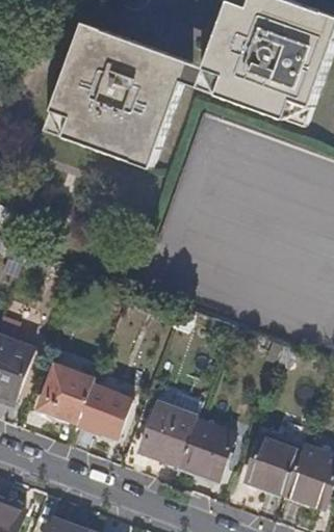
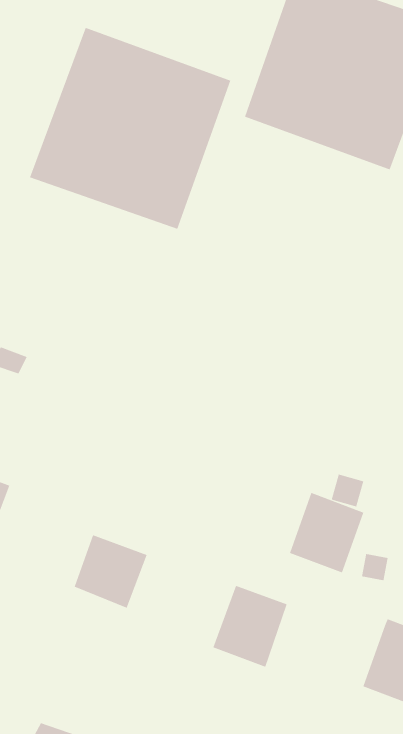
building: [37,366,93,422] -> none
building: [139,404,195,466] -> none
building: [247,435,301,494] -> [289,492,364,573]

